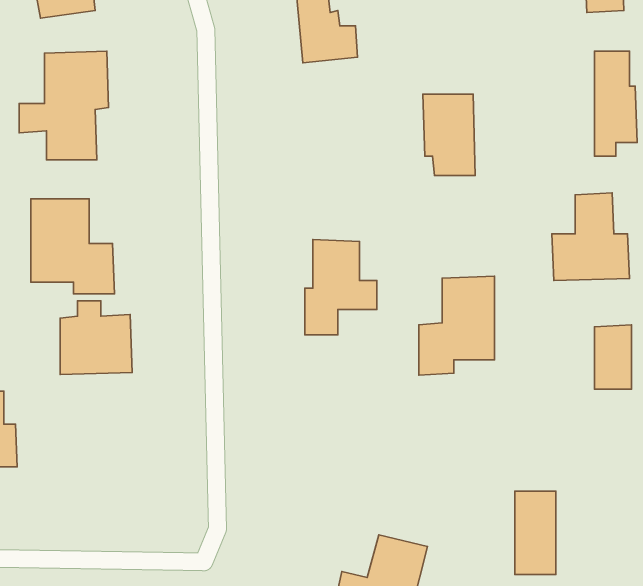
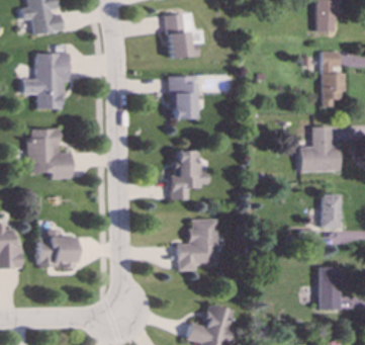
building: [423,94,475,176] -> [168,76,195,118]
building: [419,276,495,375] -> [178,219,217,270]
building: [60,301,132,375] -> [37,229,75,267]
building: [515,491,556,575] -> [320,266,341,310]

